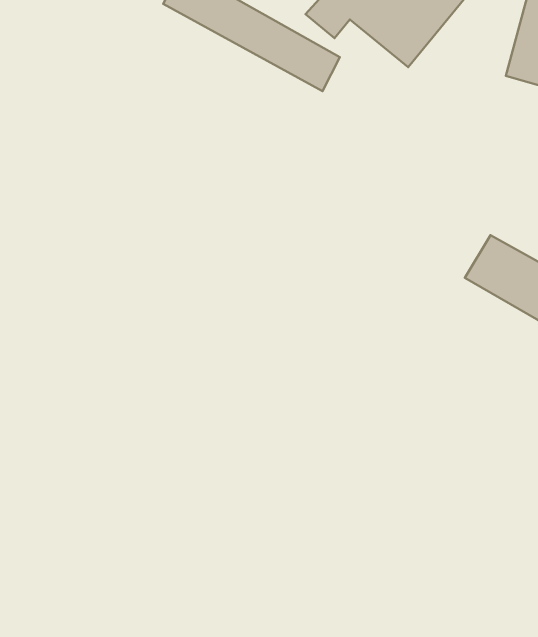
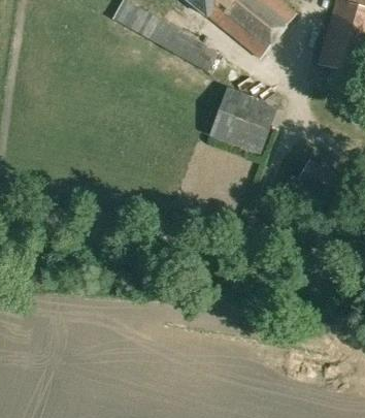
building: none -> [209,87,276,151]

